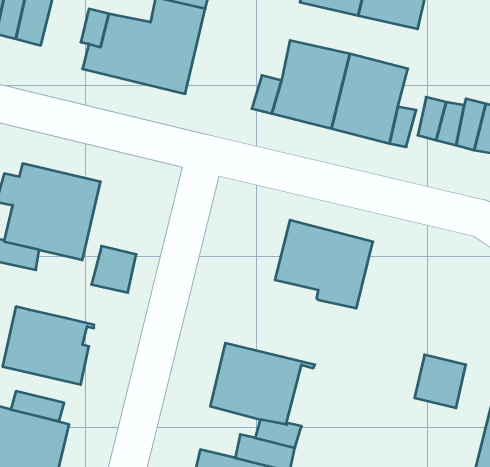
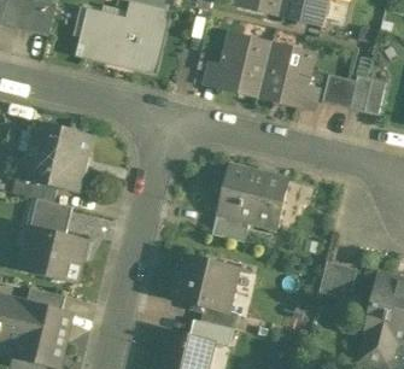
building: [91,246,136,293] -> [39,200,71,234]
building: none -> [211,206,248,241]

